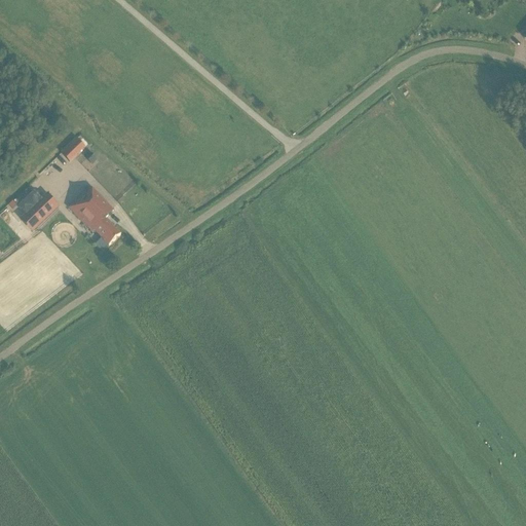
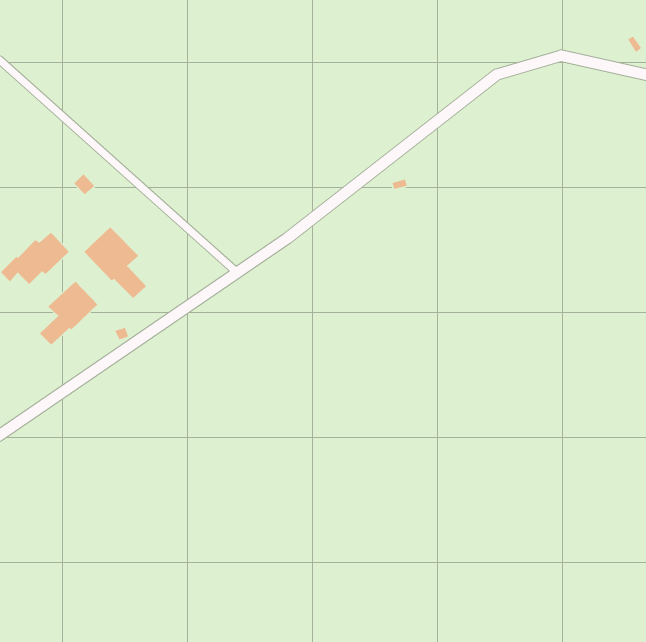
building: none -> [39,281,98,345]

